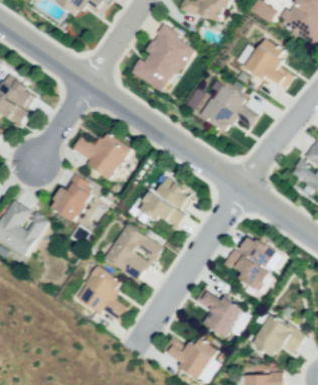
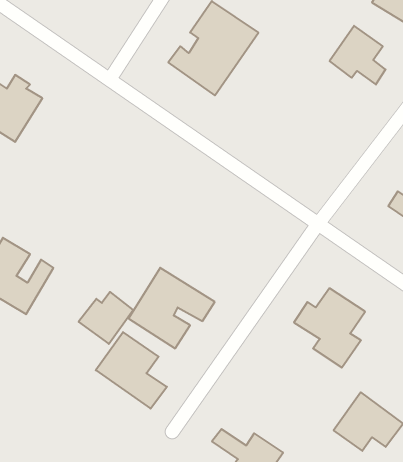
building: [185,79,260,133] -> none
building: [71,130,128,177] -> none
building: [138,180,196,230] -> none
building: [53,181,94,220] -> [79,292,133,344]
building: [192,288,244,338] -> none

